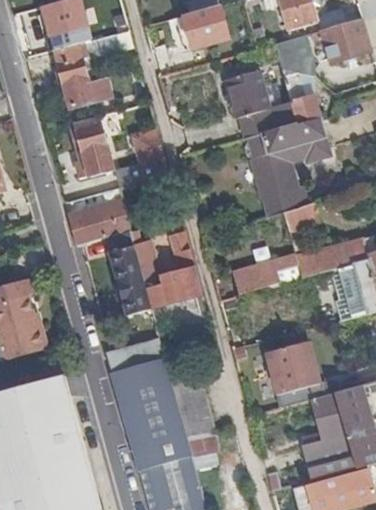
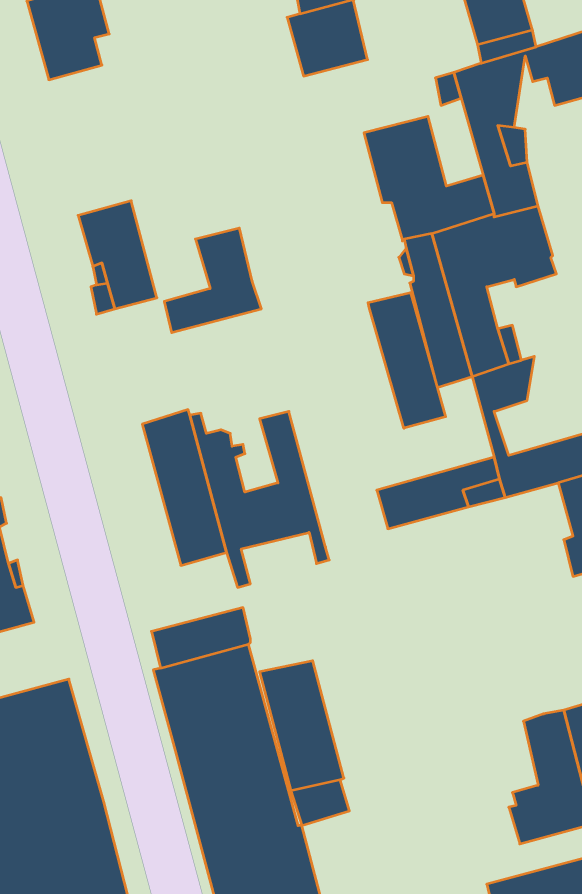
building: [53,33,118,107] -> none
building: none -> [368,293,446,428]
building: [68,201,129,245] -> none
building: [264,341,323,408] -> none

